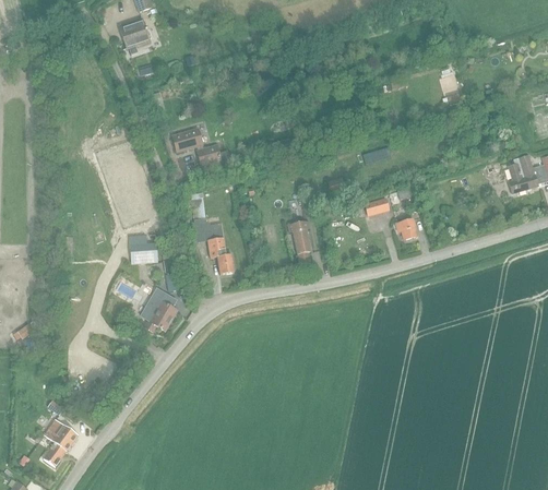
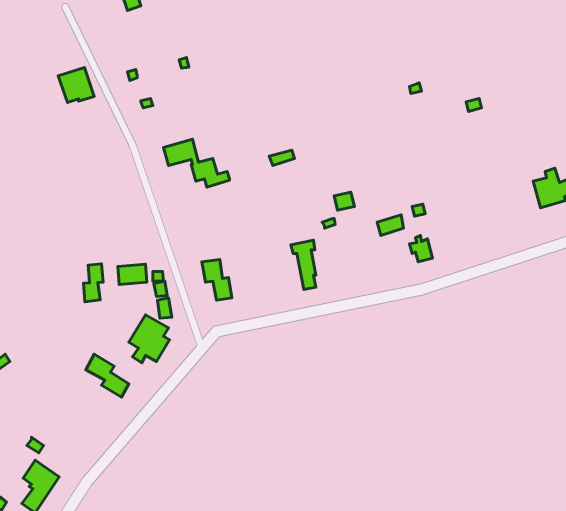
building: [118,16,151,48] -> [58,68,94,102]
building: none -> [83,264,103,302]
building: none -> [86,354,129,397]

